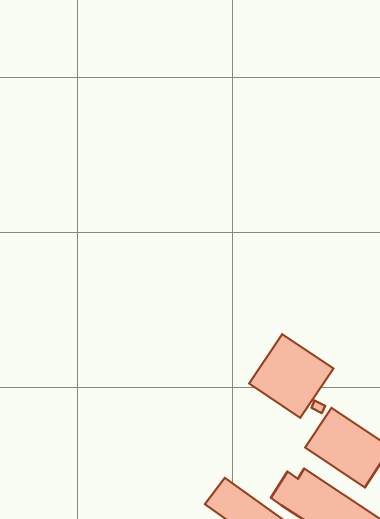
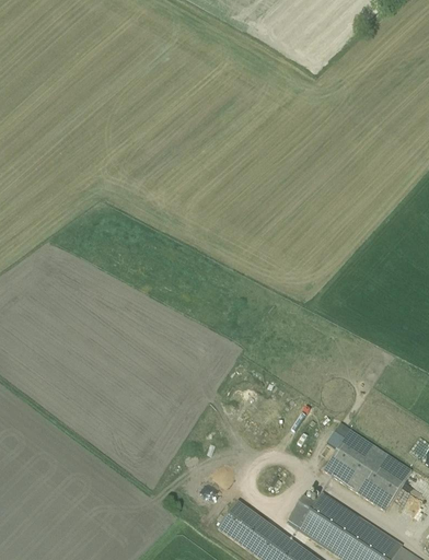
building: [249,334,333,418] -> none

